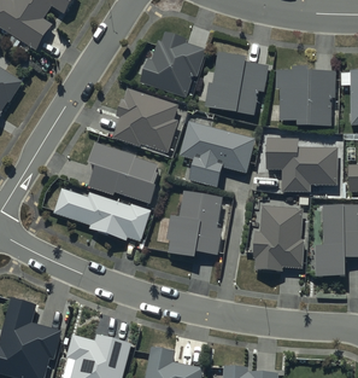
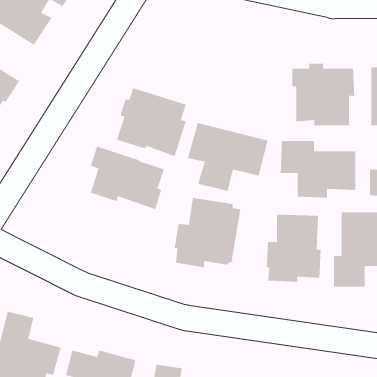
building: [139,33,205,97] -> none
building: [205,52,268,114] -> none
building: [53,187,151,242] -> none

